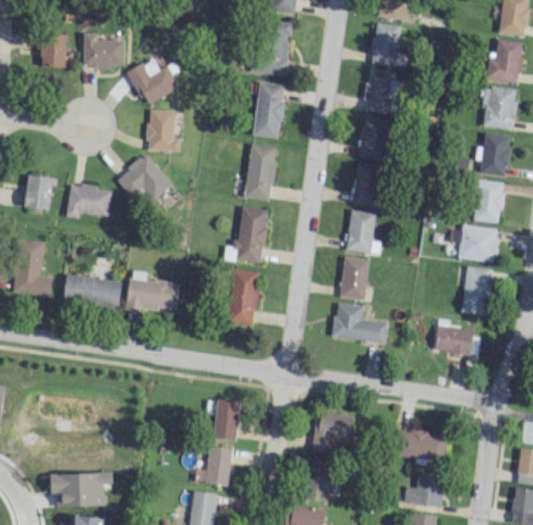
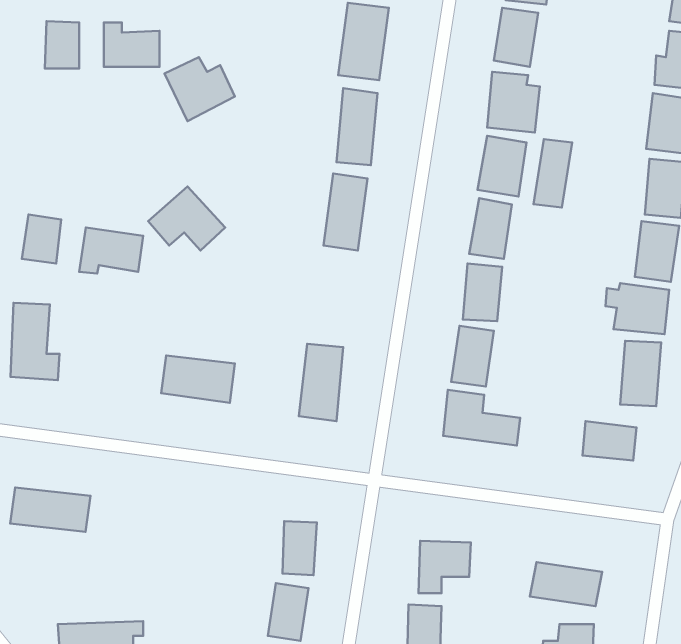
building: [148,109,181,151] -> none
building: none -> [533,139,572,207]
building: [224,207,268,263] -> none
building: [64,275,122,308] -> [10,487,90,532]

